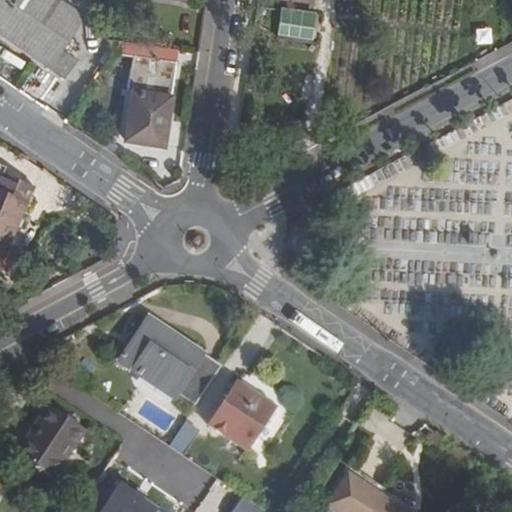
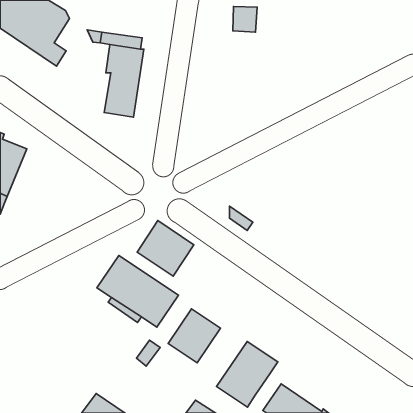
building: none -> [137,221,194,276]
building: [15,406,84,478] -> none
building: none -> [217,341,278,407]

